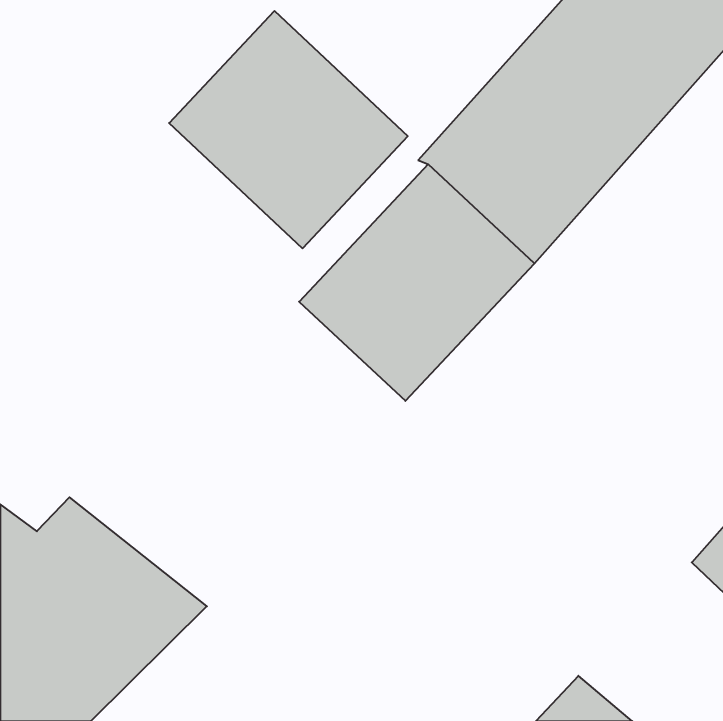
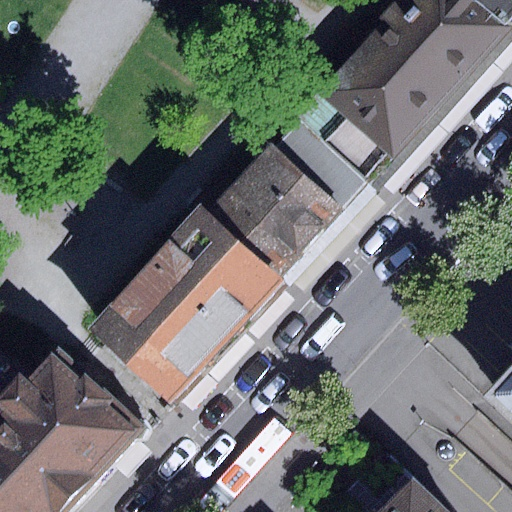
building: [169,11,408,248] -> none
building: none -> [83,202,287,407]

